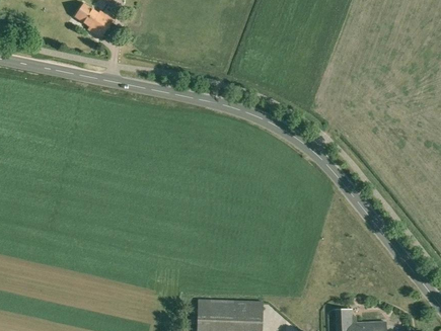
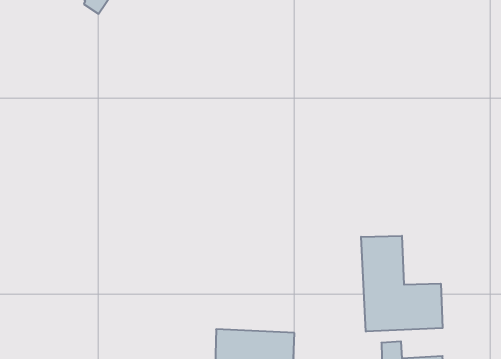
building: none -> [361,236,443,332]

